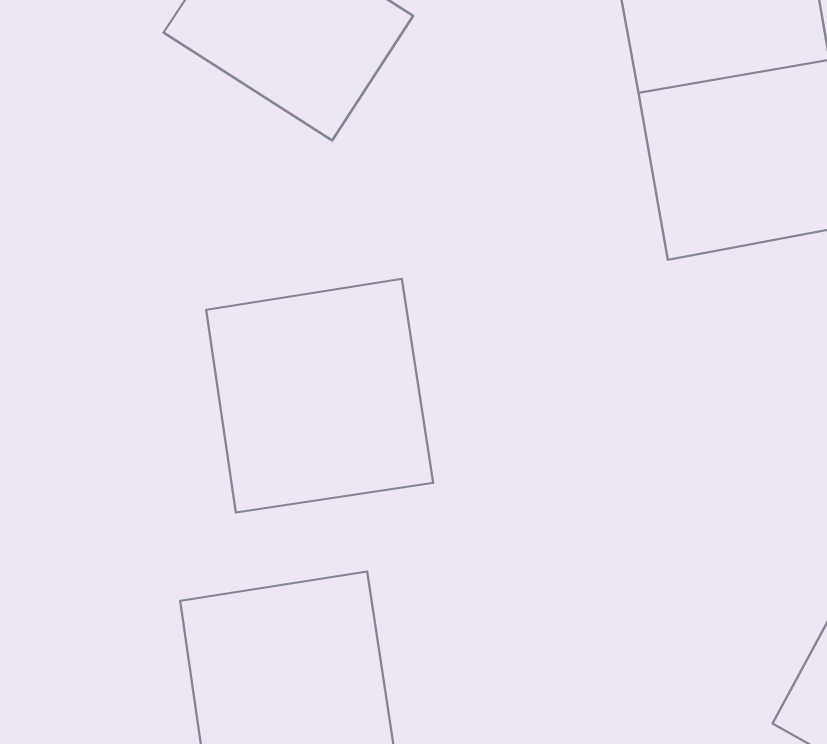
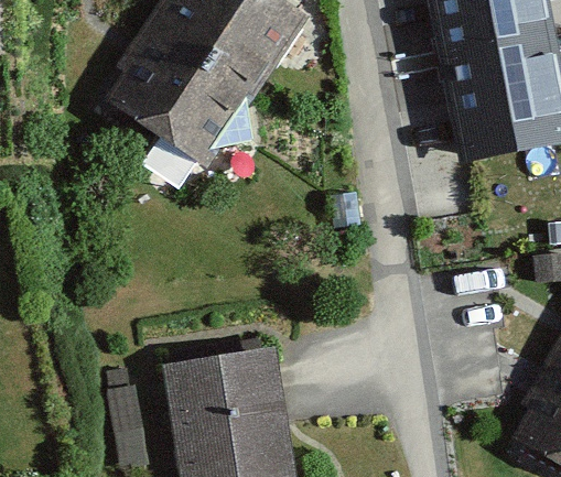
building: none -> [106,23,257,165]
building: [206,279,433,513] -> none

